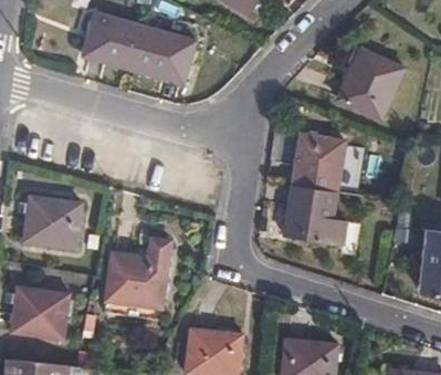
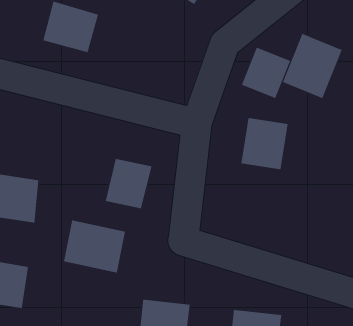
building: [133,27,195,82] -> none
building: none -> [241,47,291,99]
building: none -> [105,158,152,209]
building: [286,185,337,242] -> none

